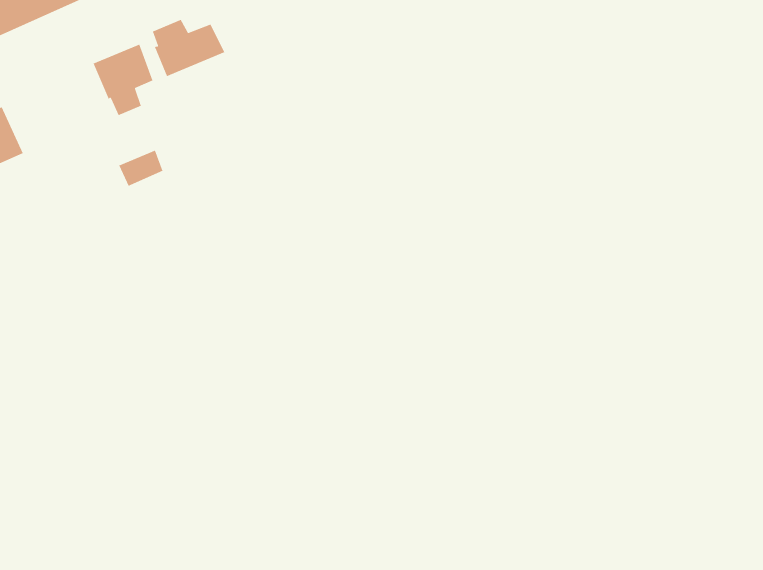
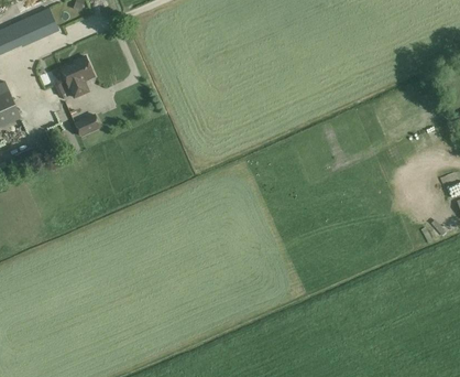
building: [152,19,225,77] -> none

